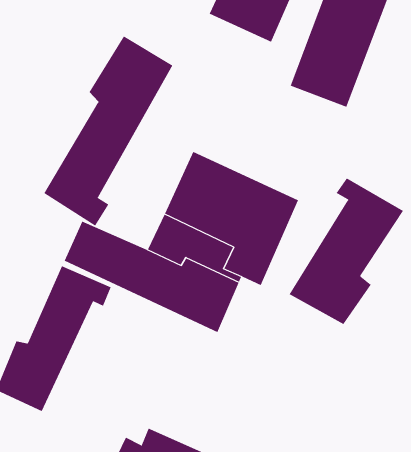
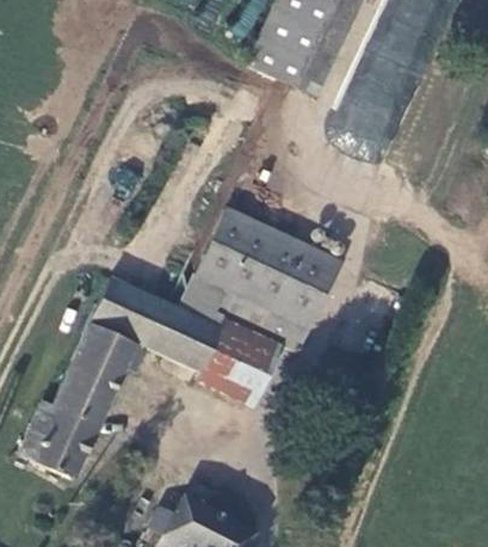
building: [44,35,173,227] -> none
building: [289,177,404,325] -> none

